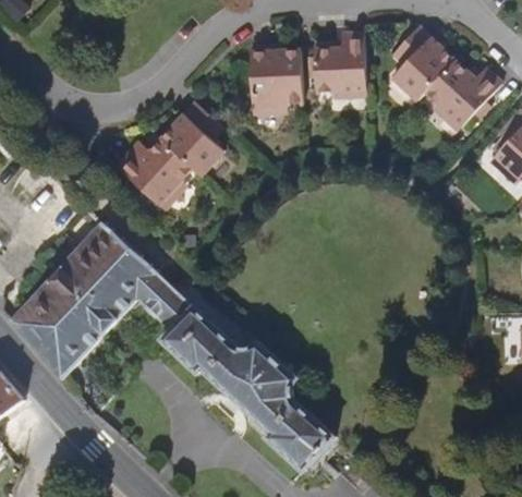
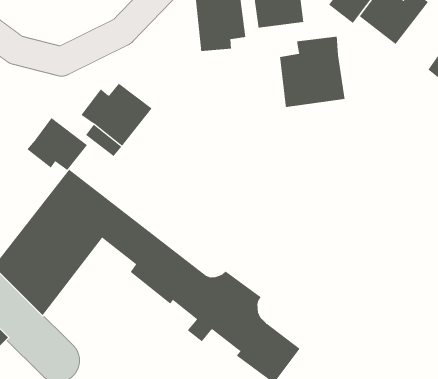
building: [162,99,224,173] -> none
building: none -> [279,36,345,108]
building: none -> [26,117,88,171]

